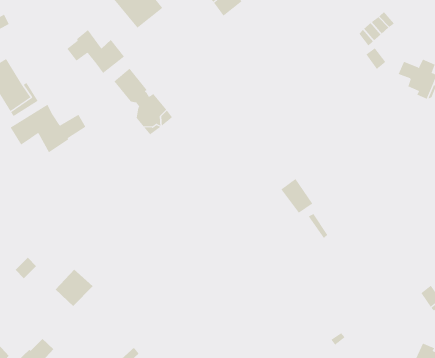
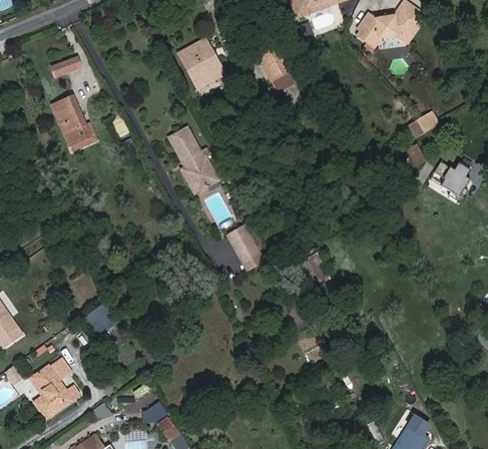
building: [67,29,125,74] -> none
building: [10,104,86,153] -> none
building: none -> [227,224,263,269]

